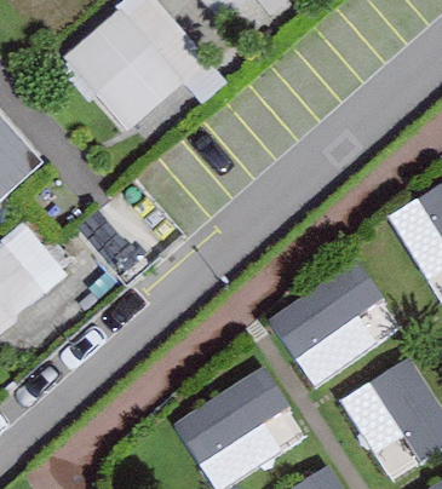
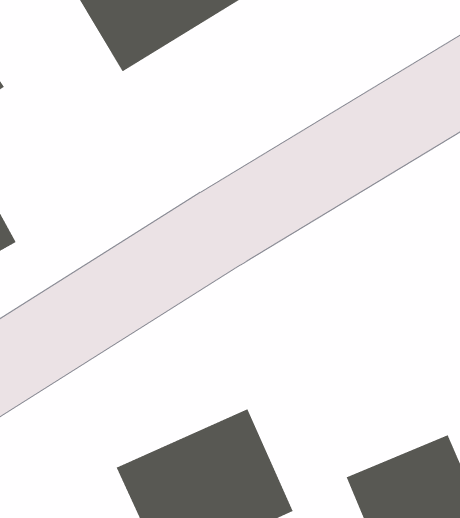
building: [266,259,381,387] -> none

